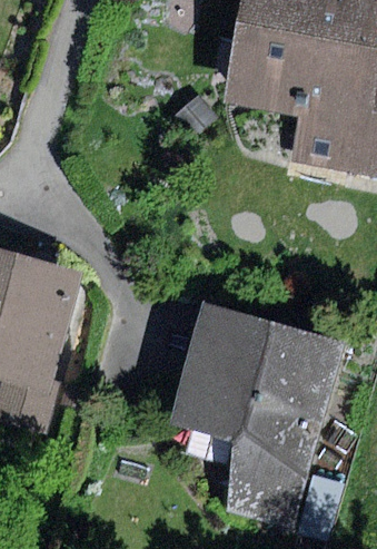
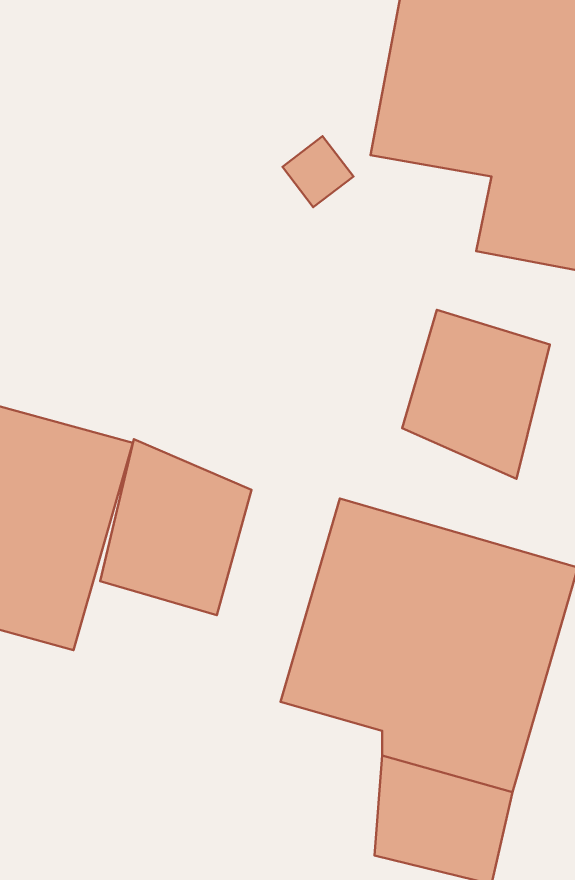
building: none -> [402,310,550,479]
building: none -> [100,439,251,615]

